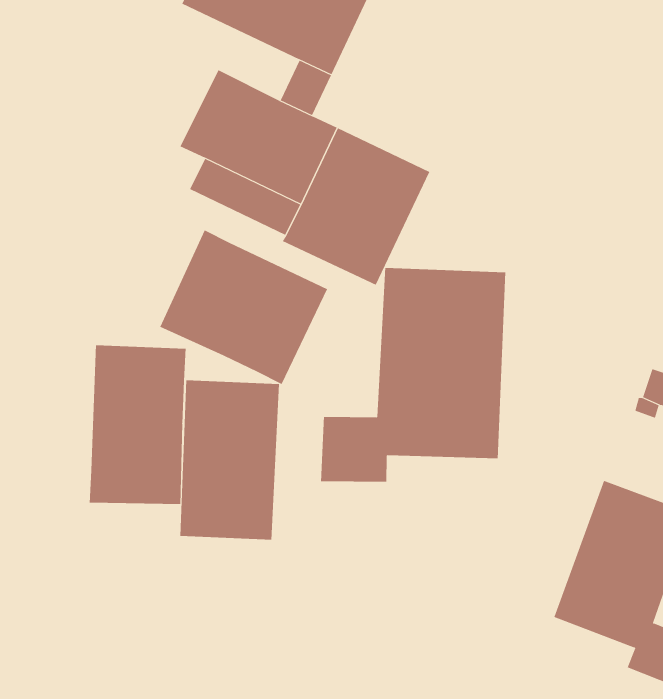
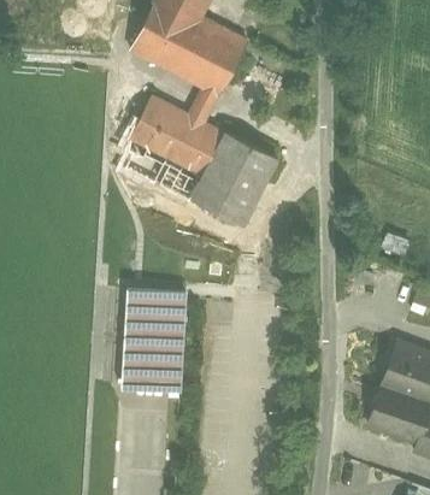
building: [160,230,328,385] -> none
building: [321,267,506,483] -> none
building: [89,344,186,505] -> none

